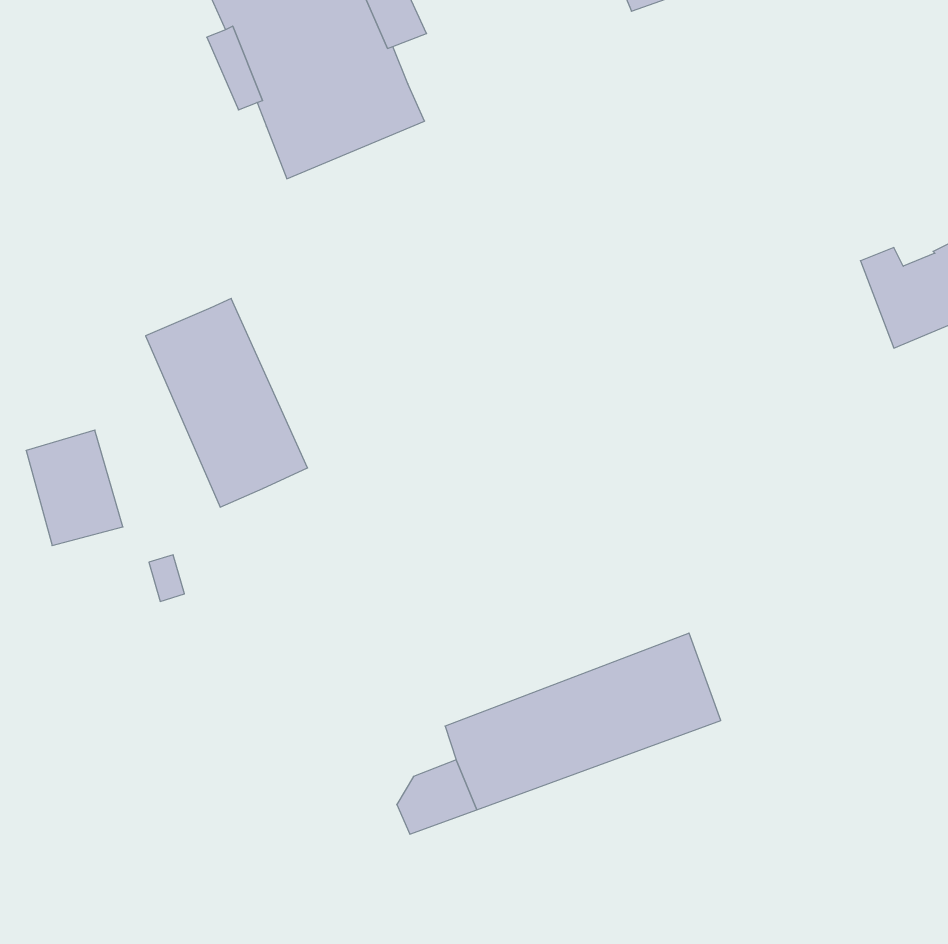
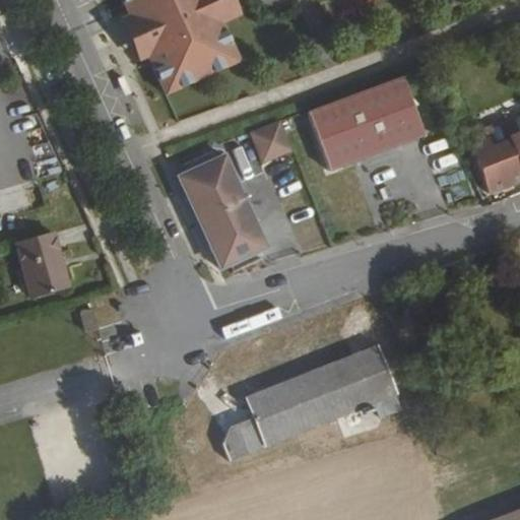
building: none -> [310,77,425,170]
building: none -> [252,119,295,160]
building: [146,298,308,507] -> [184,153,272,267]

